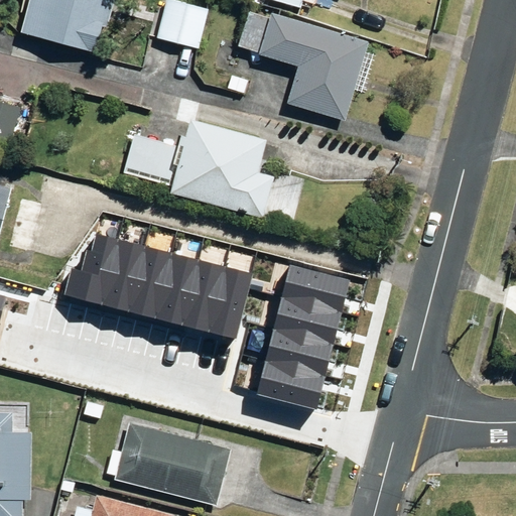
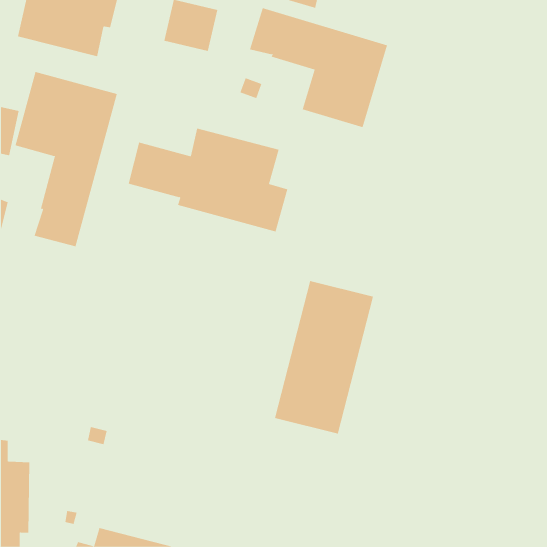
building: none -> [15,71,117,247]
building: [66,231,256,338] -> none
building: [108,422,230,505] -> none

